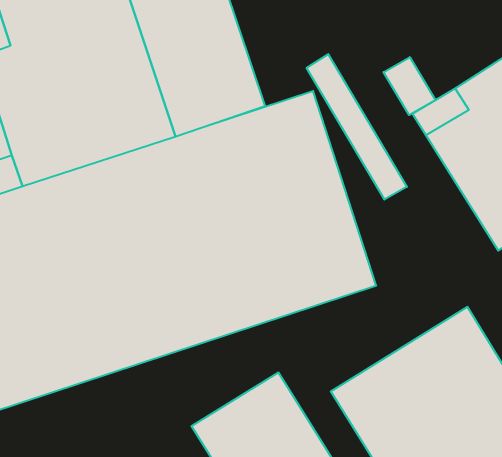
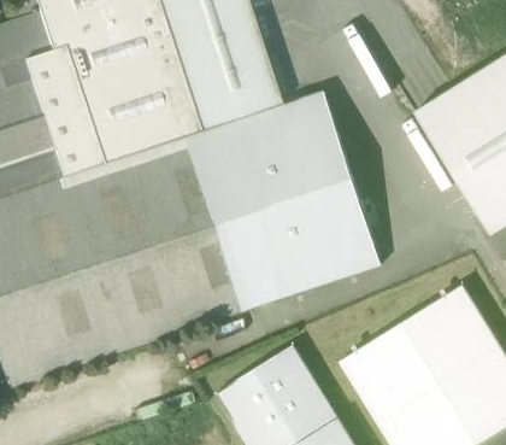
building: [307,54,407,200] -> none
building: [383,57,435,115] -> none

